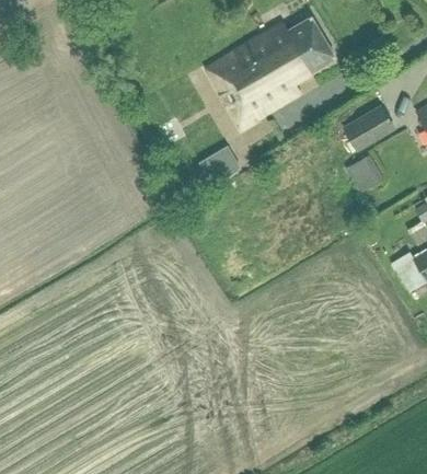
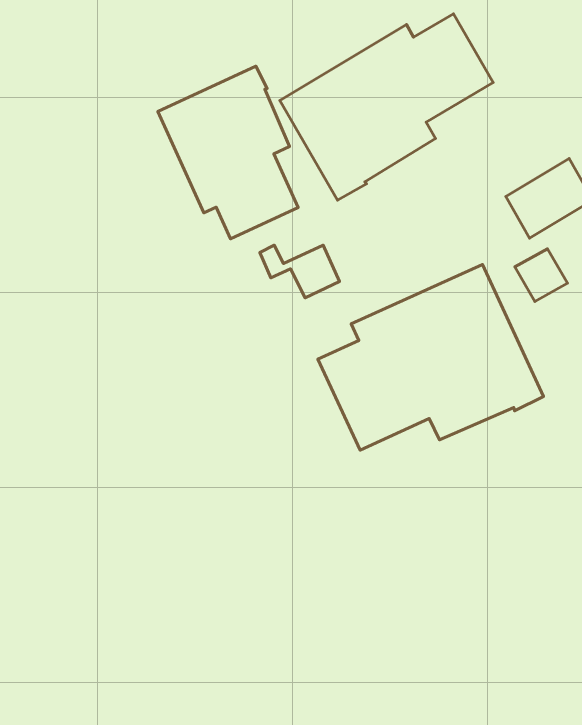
building: none -> [158,66,298,239]
building: none -> [318,265,544,450]

